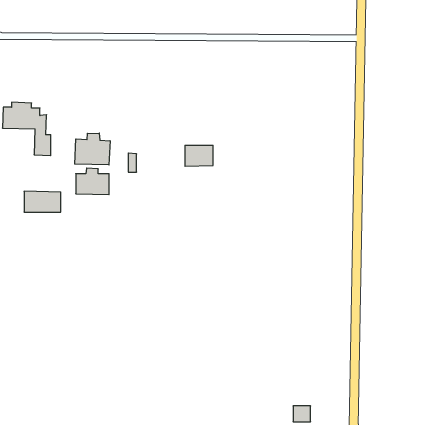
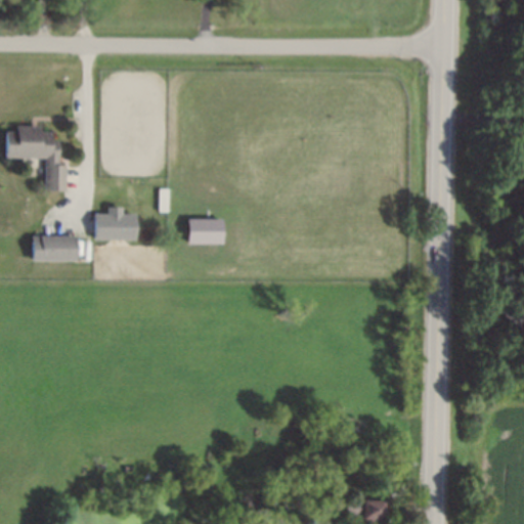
building: [75,133,110,165] -> none
building: [185,145,213,166] -> [189,218,224,244]

